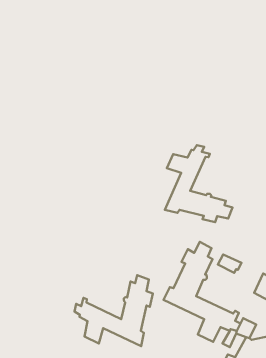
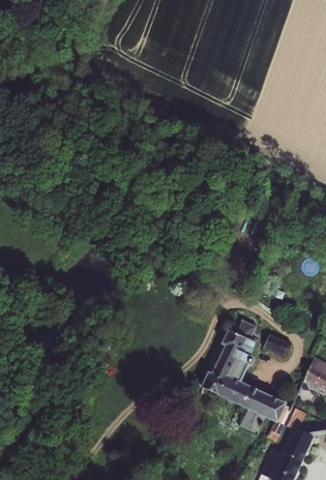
building: [165,145,232,222] -> none
building: [75,275,153,346] -> none

